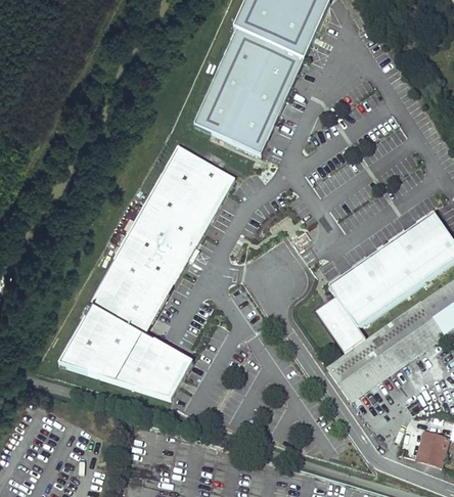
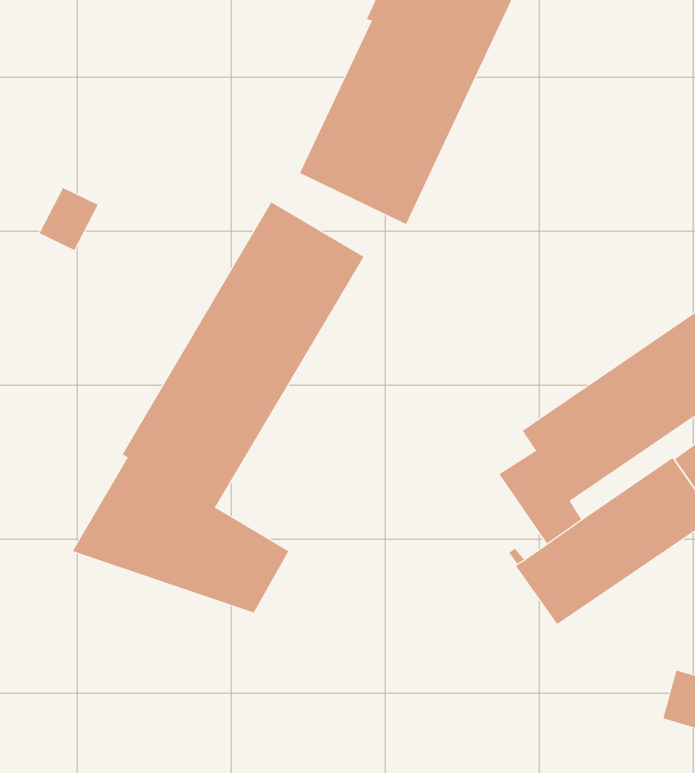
building: none -> [39,187,98,251]

